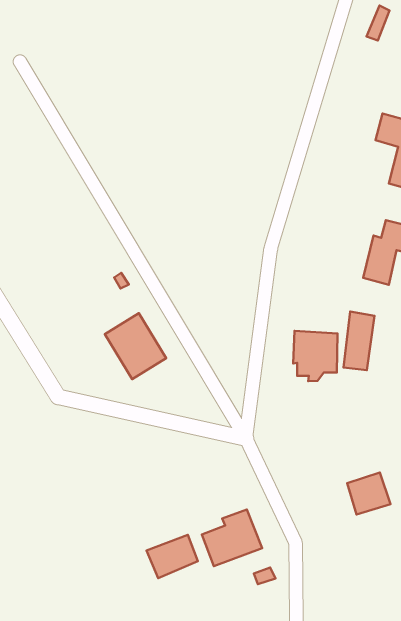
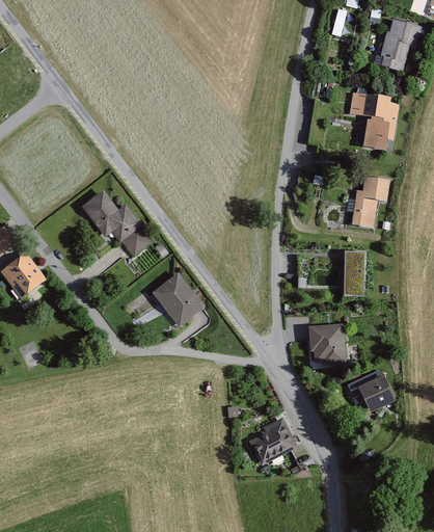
building: none -> [81,190,150,252]
building: [293,331,337,381] -> [308,324,346,365]
building: [146,535,198,578] -> none

